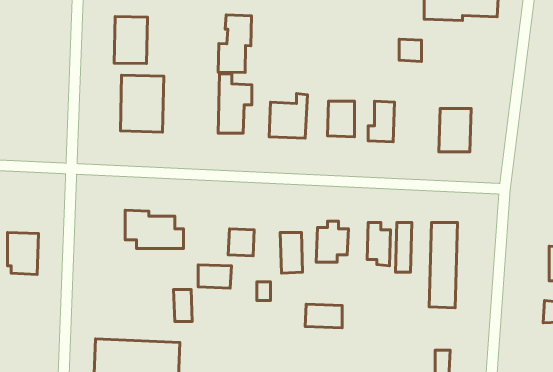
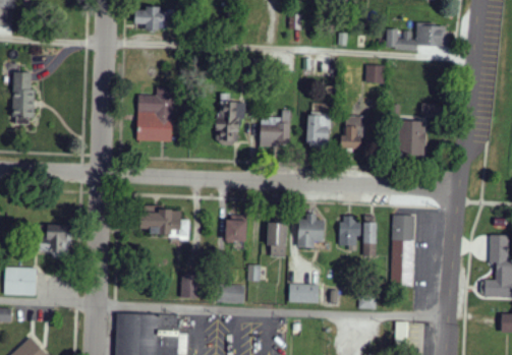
building: [218,15,252,72] -> none
building: [114,17,147,63] -> none
building: [198,265,231,288] -> [218,284,245,303]

